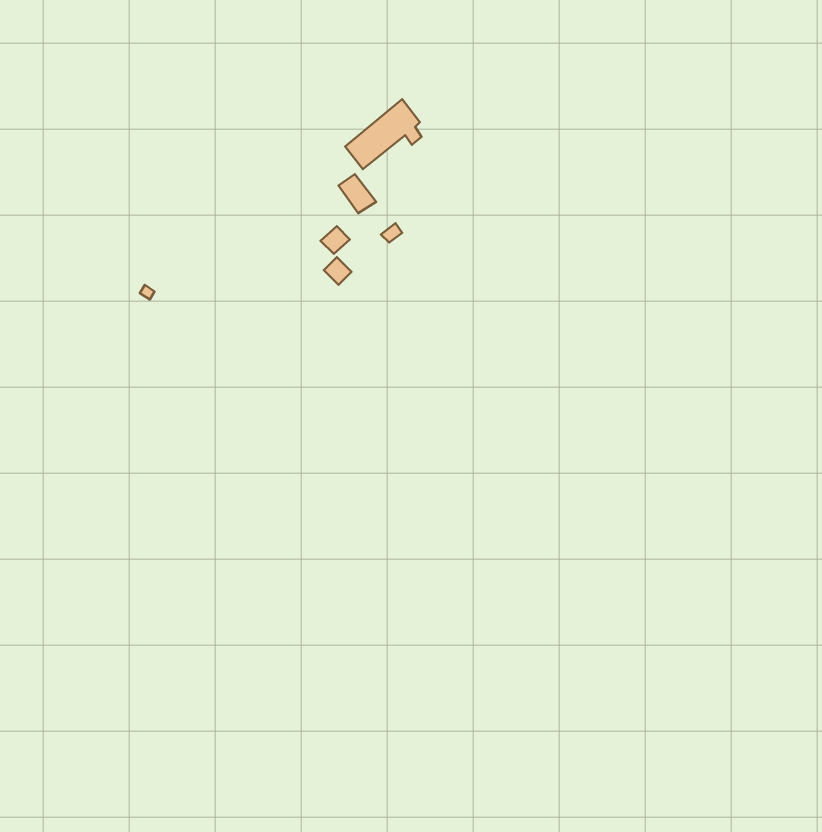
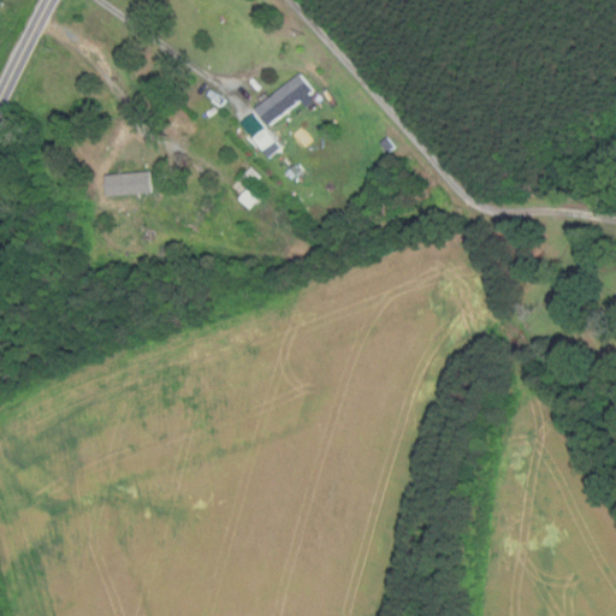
building: none -> [105,172,150,197]

